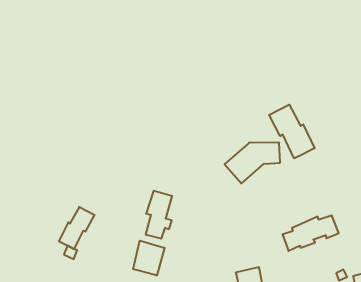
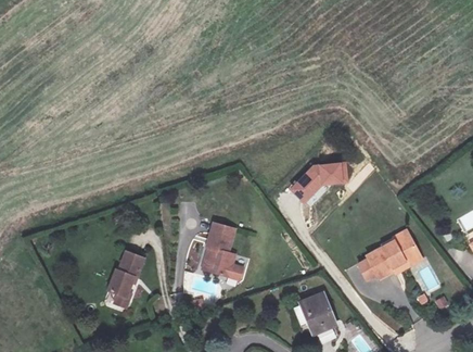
building: [269,105,315,158] -> none
building: [133,241,165,275] -> none

